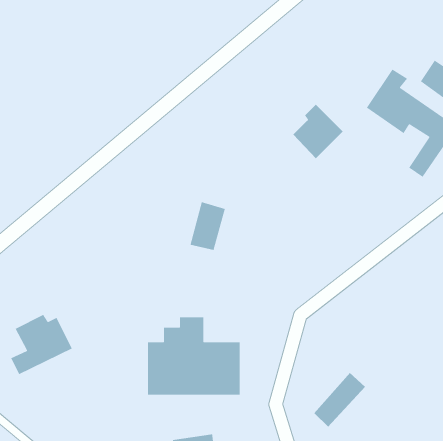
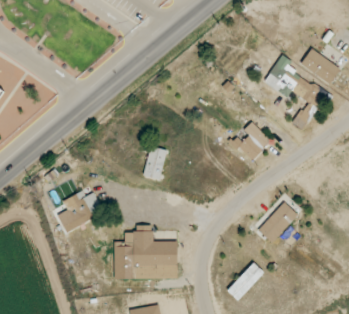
building: [292,104,343,159] -> [235,122,270,160]
building: none -> [257,202,297,243]
building: [10,314,73,375] -> [59,191,102,233]

